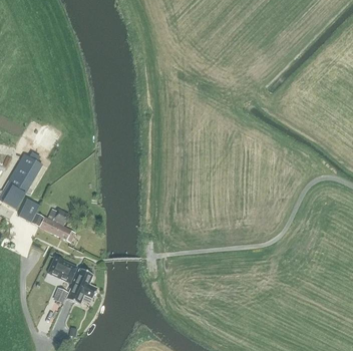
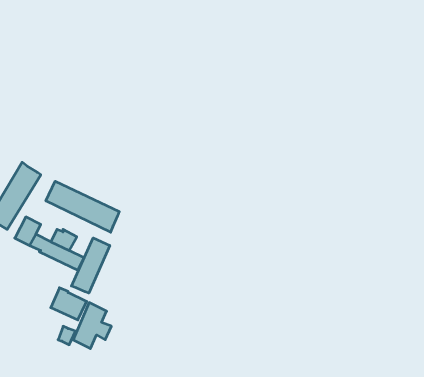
building: none -> [46,181,119,232]
building: none -> [71,238,110,293]

